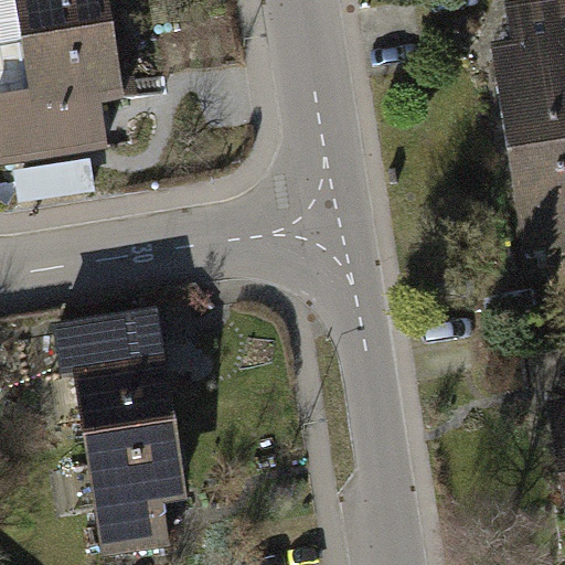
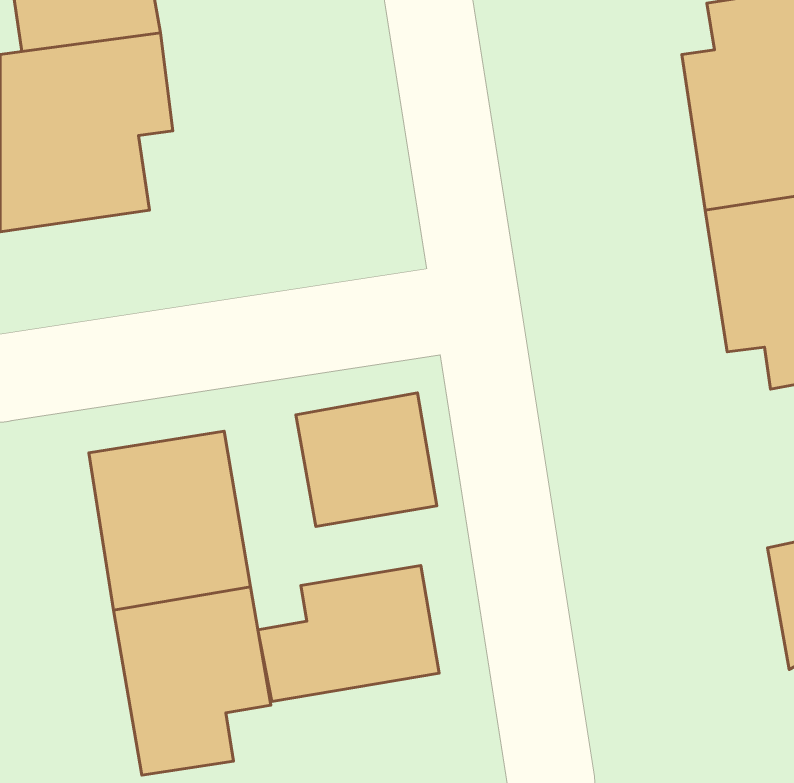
building: none -> [296,393,437,526]
building: none -> [258,565,439,702]

